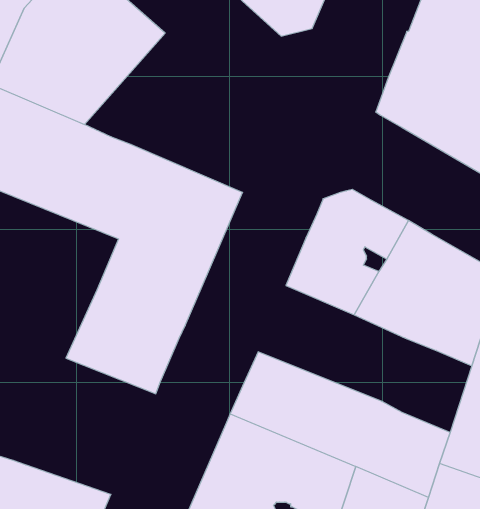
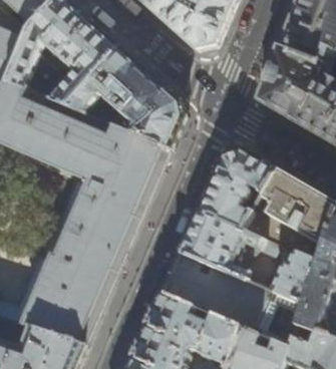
building: none -> [64,47,181,150]
building: none -> [177,211,272,286]
building: none -> [270,253,315,306]
building: none -> [18,256,110,346]

